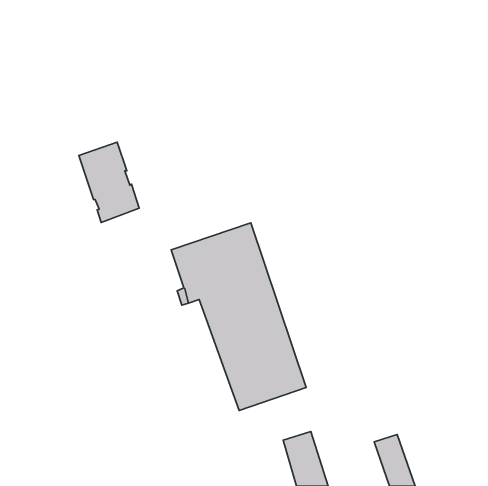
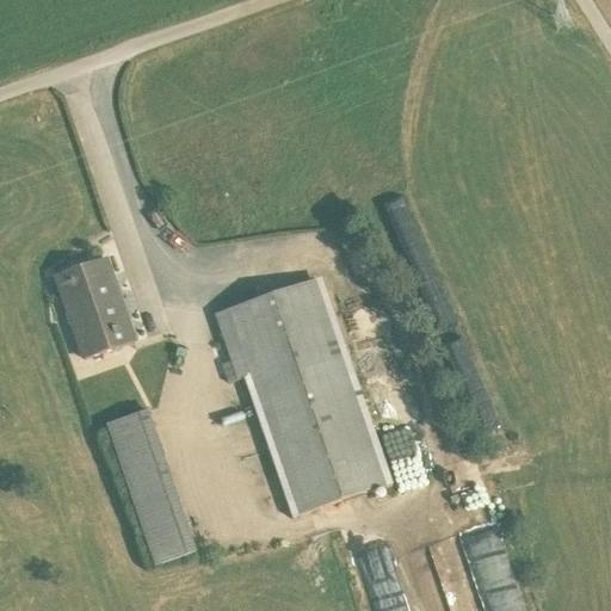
building: [79,142,139,222] -> [56,257,131,357]
building: none -> [105,408,195,563]

